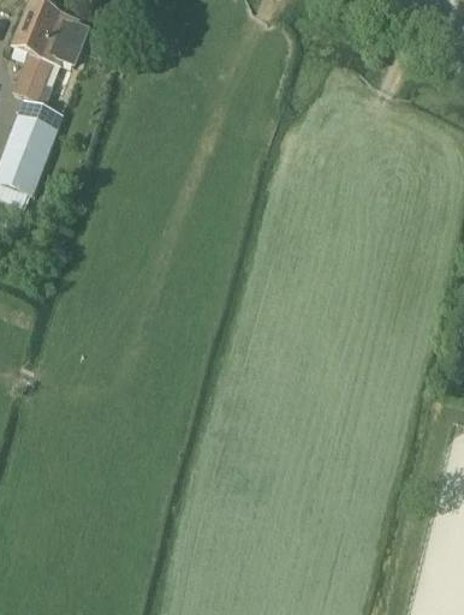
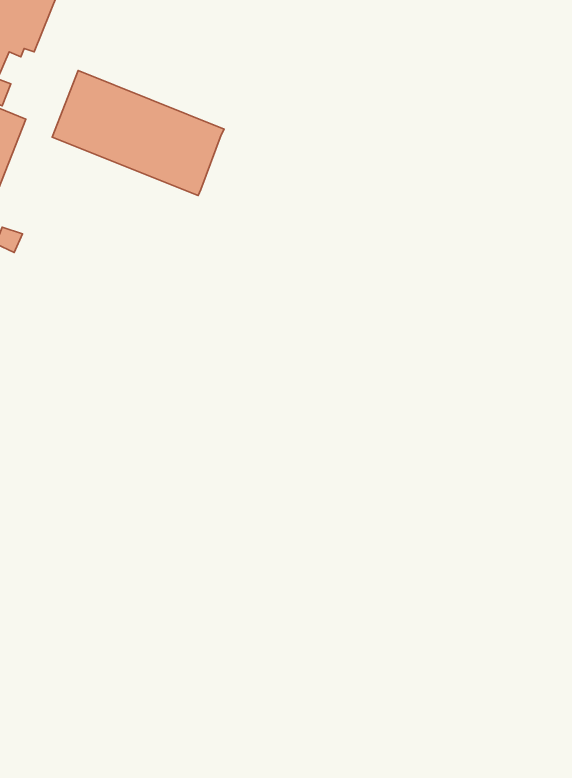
building: none -> [52,71,224,195]

